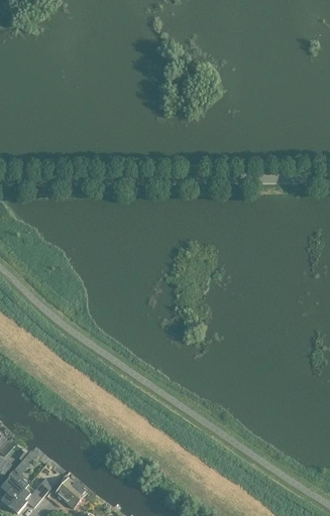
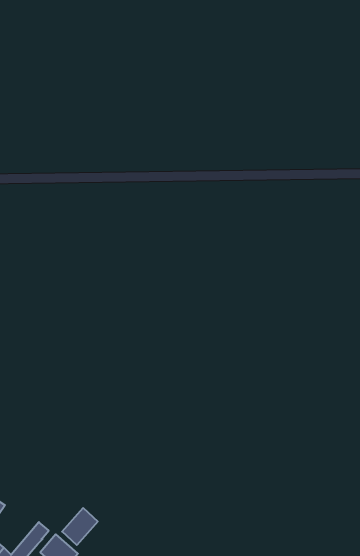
building: none -> [62,508,98,545]

